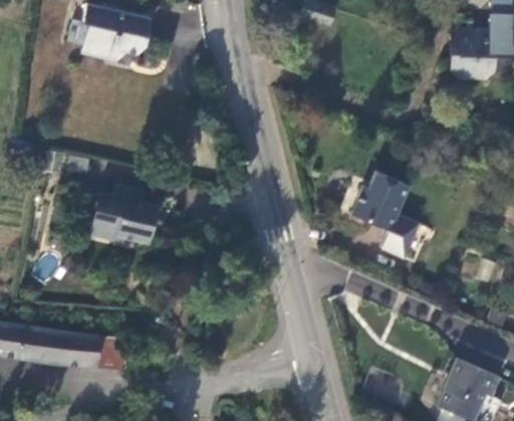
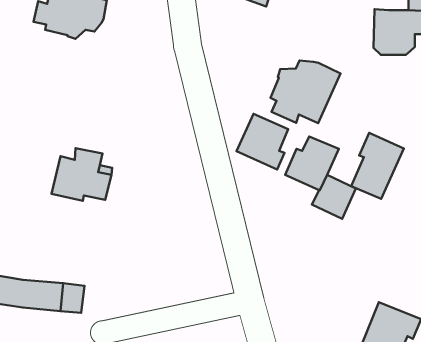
building: none -> [270,61,341,123]
building: none -> [237,114,288,170]
building: none -> [351,133,404,199]

